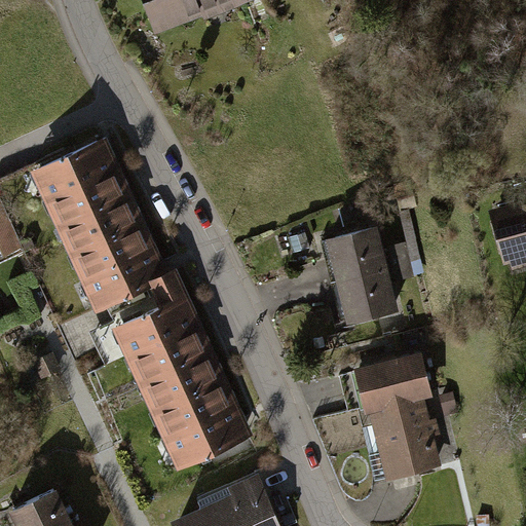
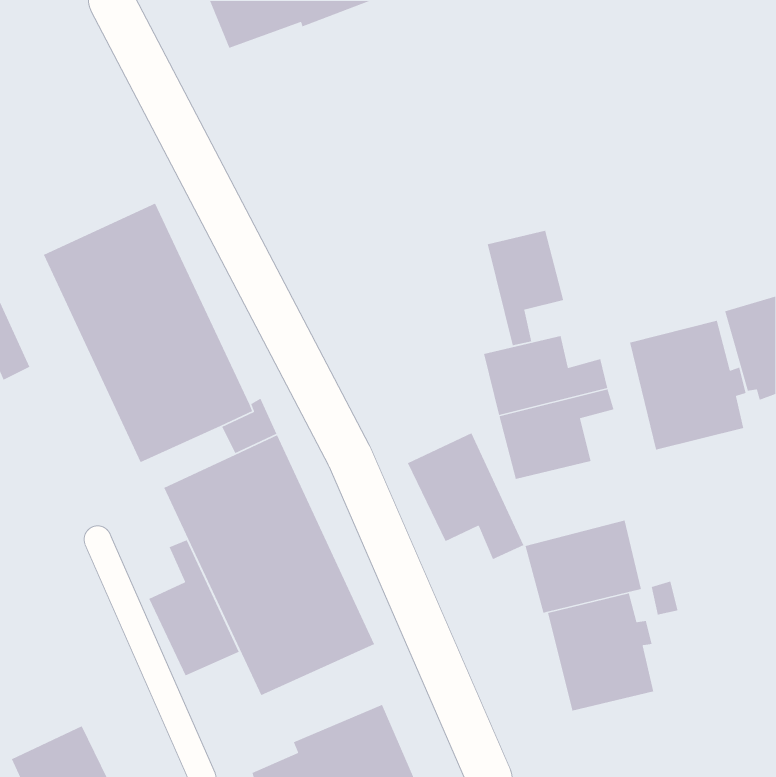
building: none -> [487,230,564,346]
building: none -> [629,320,746,451]
building: none -> [407,432,524,560]
building: none -> [148,539,240,677]

